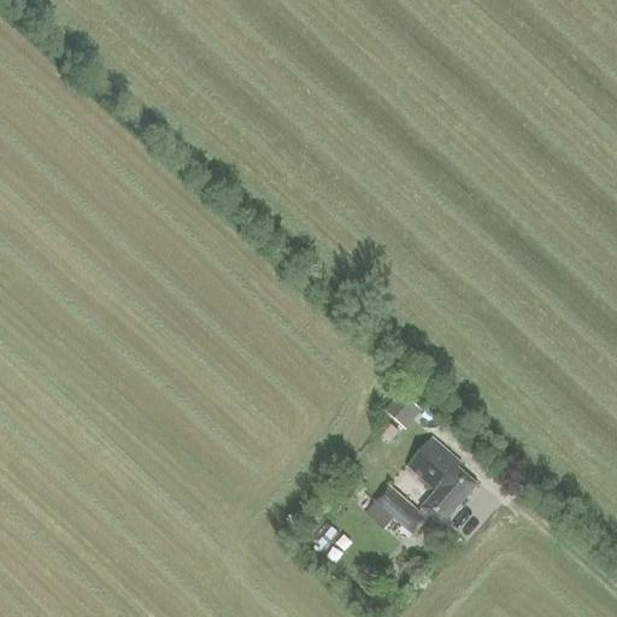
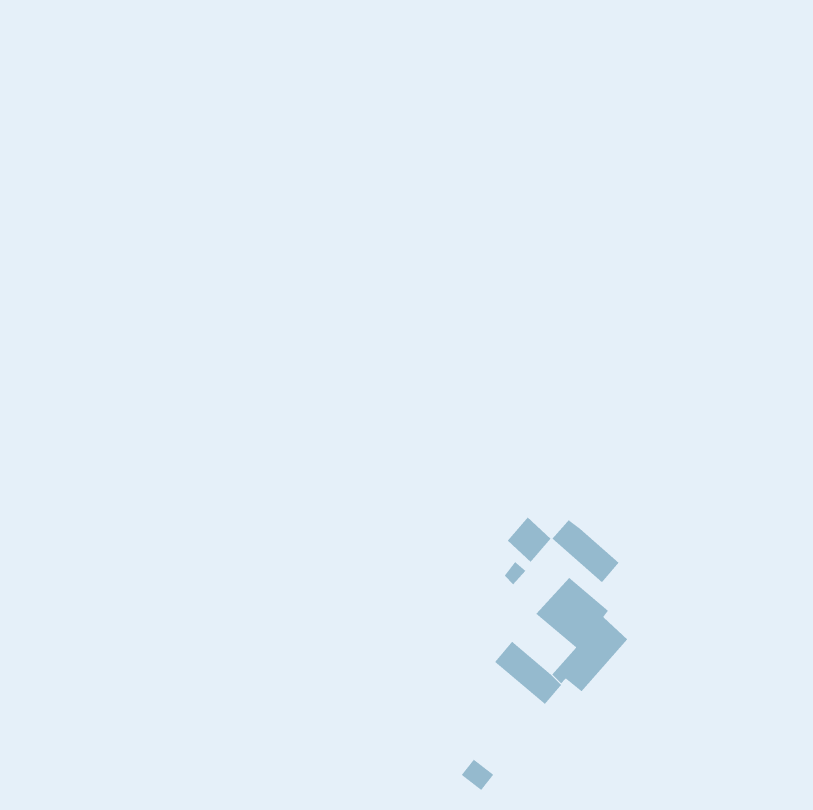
building: none -> [552,519,620,583]

